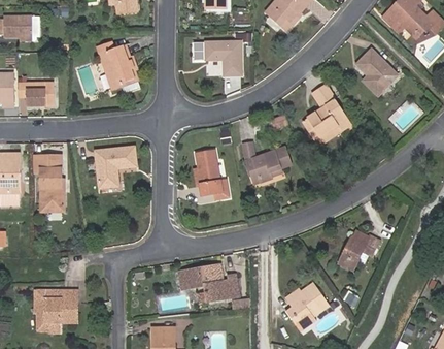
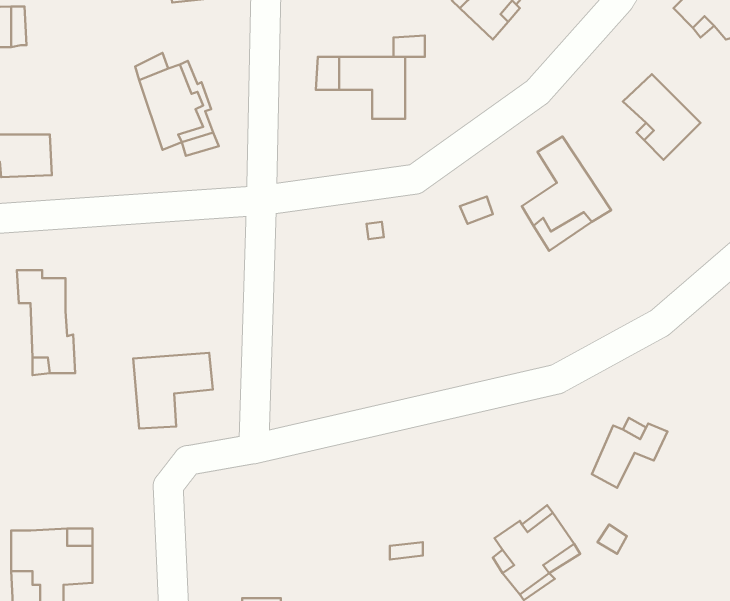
building: [245,144,289,181] -> none
building: [94,148,136,188] -> [133,353,213,428]
building: [196,150,231,199] -> none
building: [178,265,237,302] -> none

